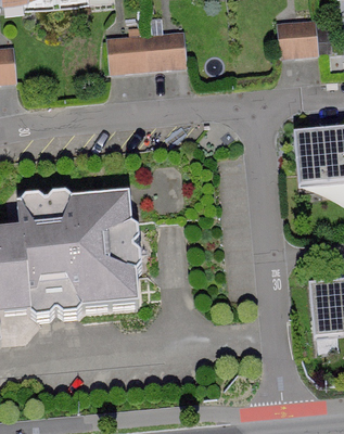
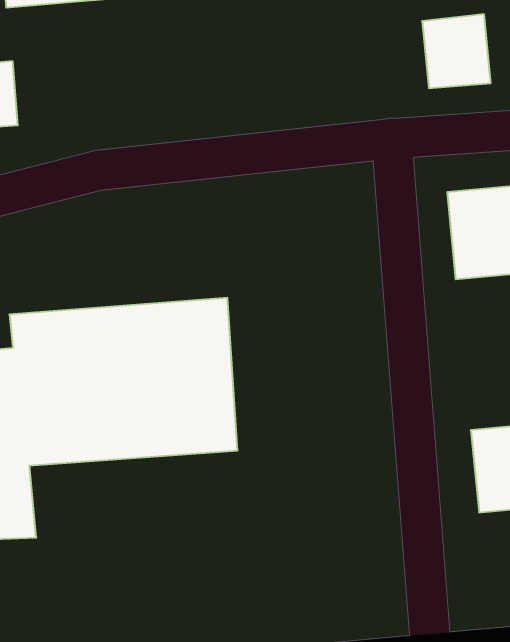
building: [109,25,186,78] -> none

